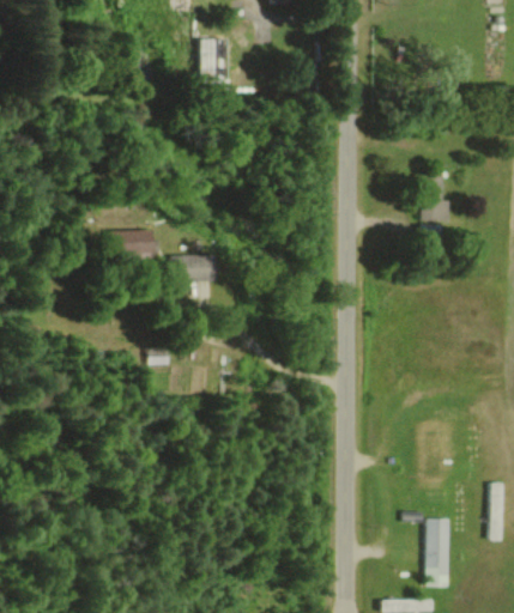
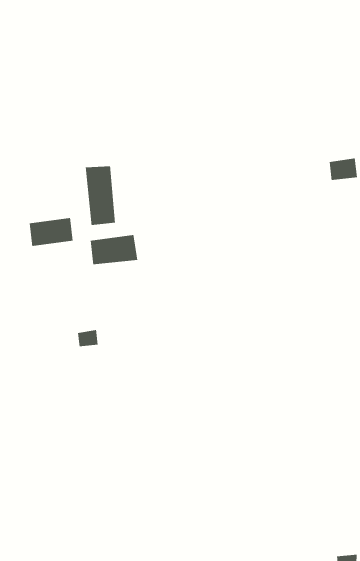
building: [199,40,226,81] -> none
building: none -> [85,166,115,226]

